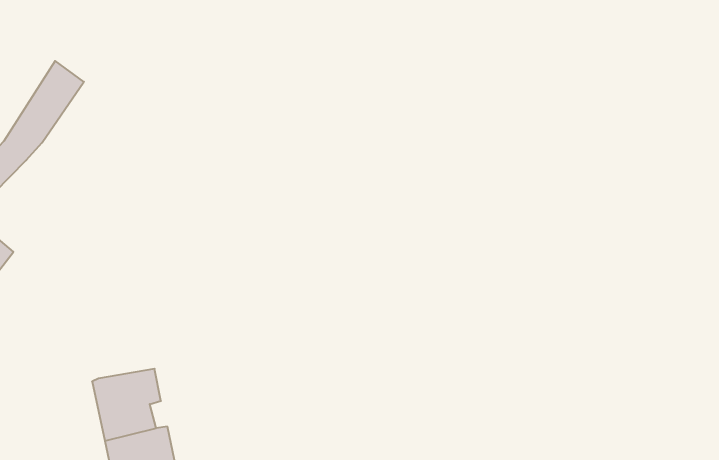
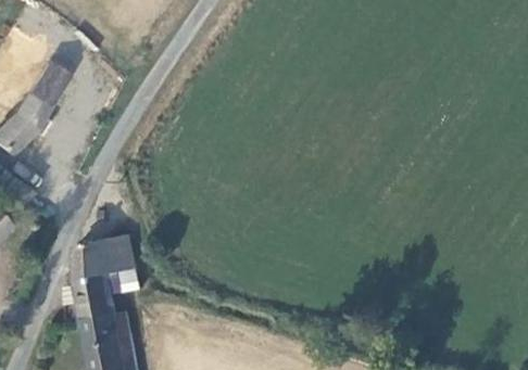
building: none -> [72,238,133,280]

